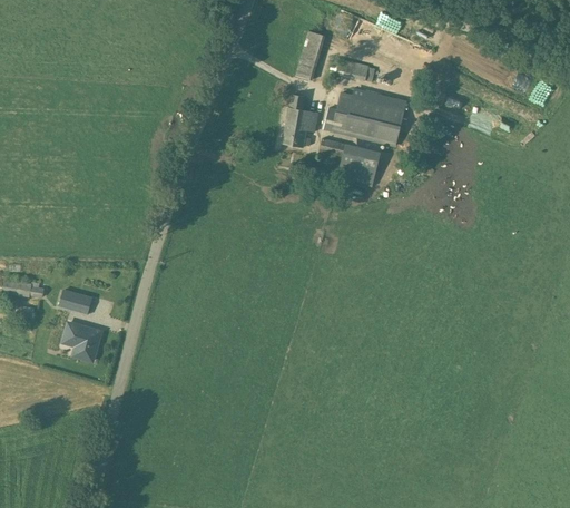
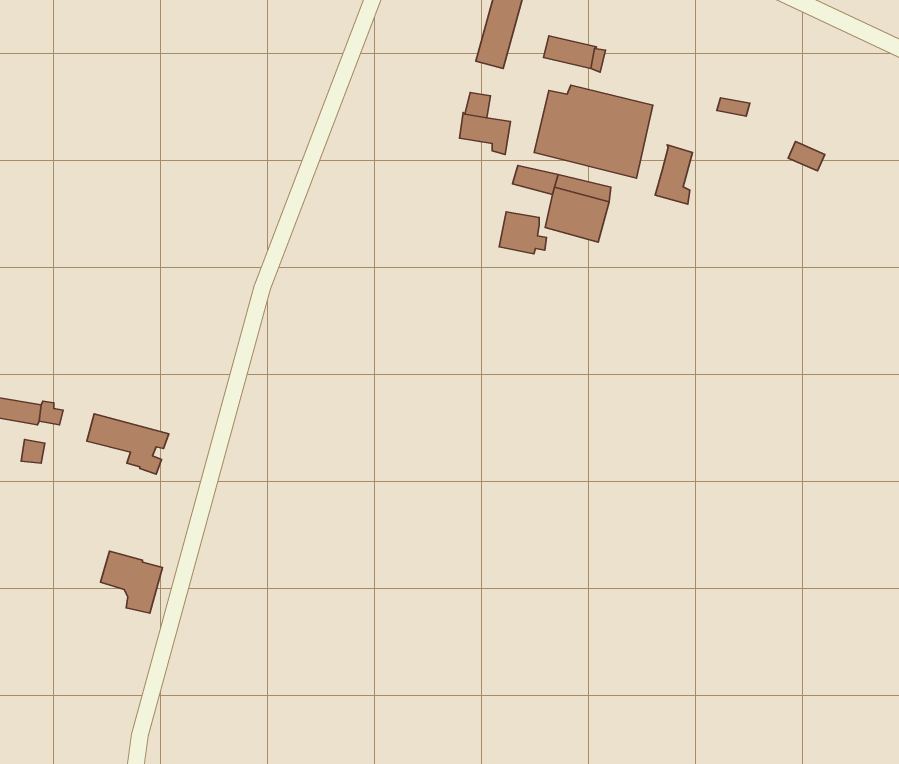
building: [281,121,309,147] -> [499,212,547,254]
building: none -> [655,145,693,204]
building: [61,322,99,360] -> [101,551,163,613]

